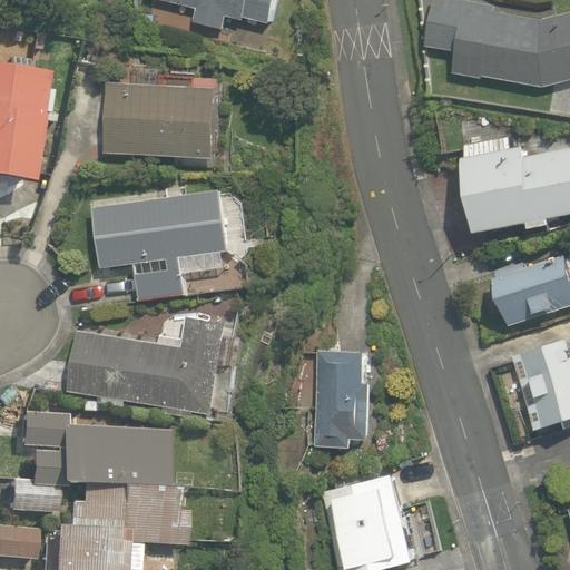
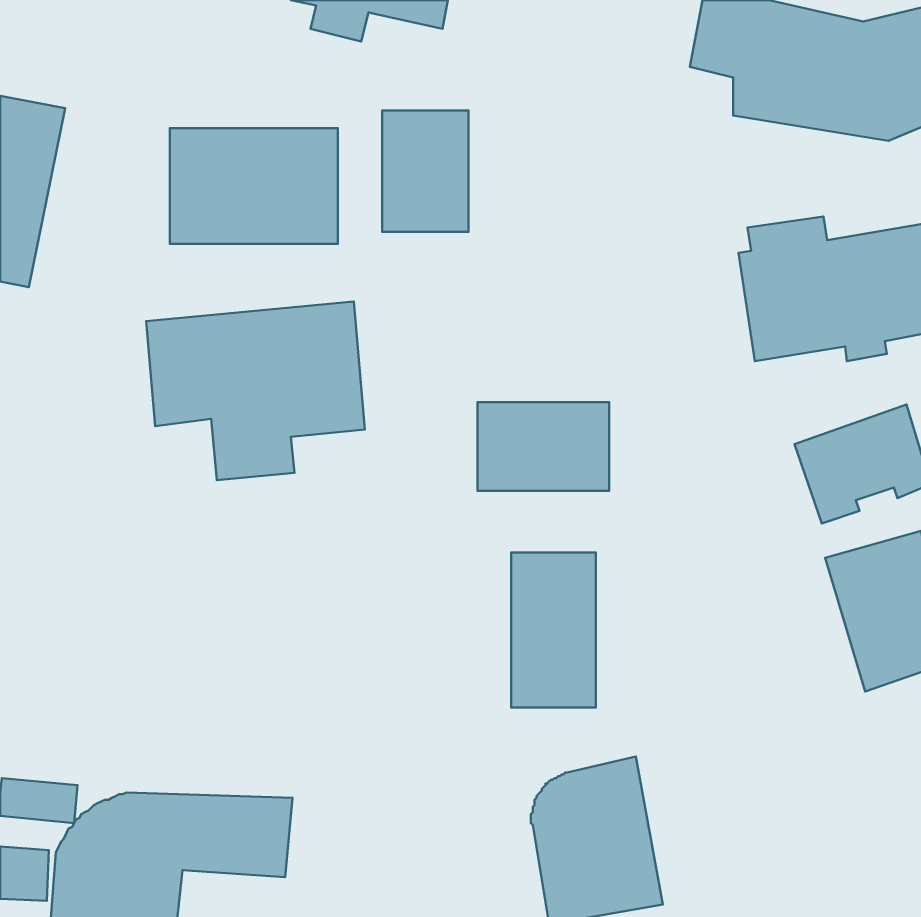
building: none -> [382,110,469,232]
building: none -> [478,402,609,491]
building: [71,315,240,417] -> none
building: [14,422,159,488] -> none

